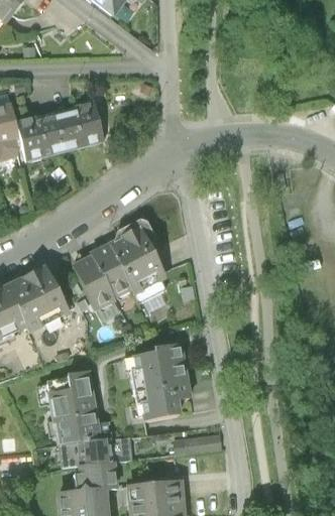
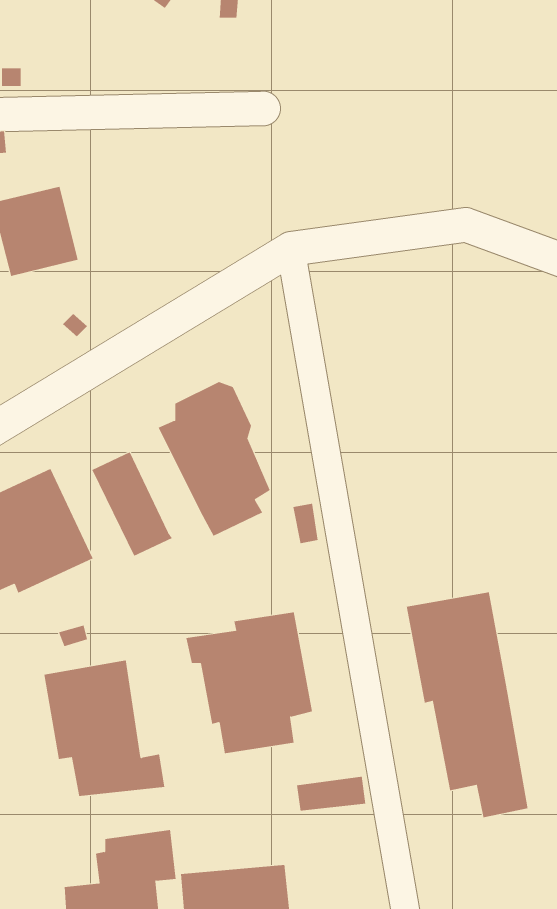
building: [53,101,105,151] -> none
building: [90,243,131,300] -> none
building: none -> [406,591,528,818]
building: [58,436,132,470] -> none

